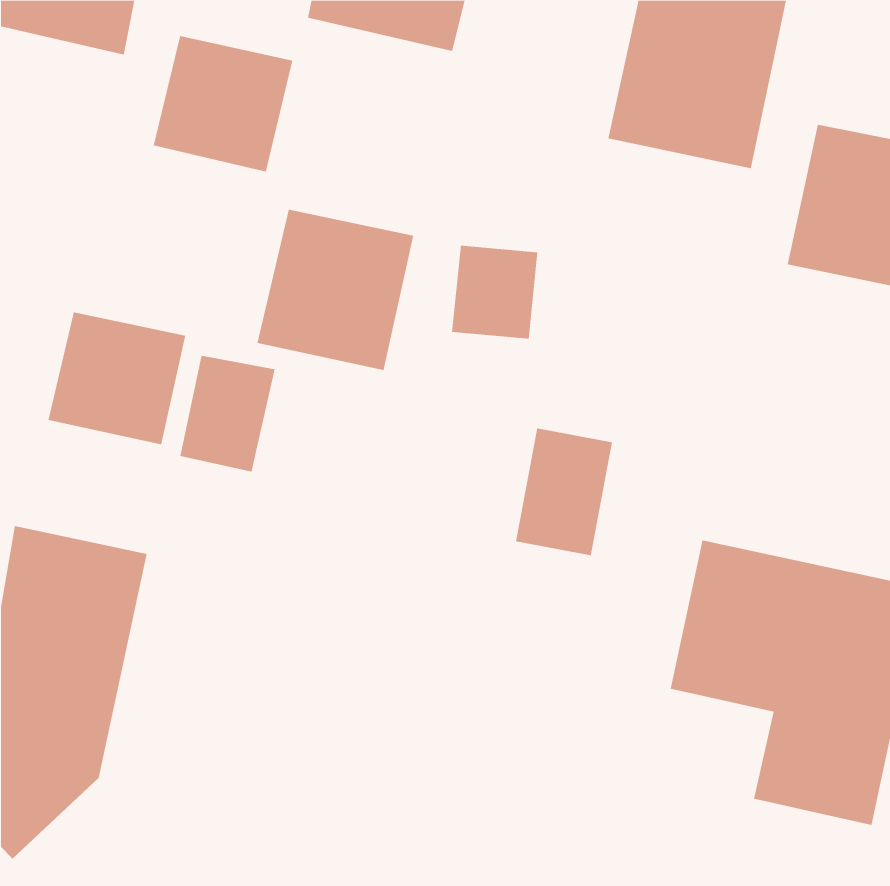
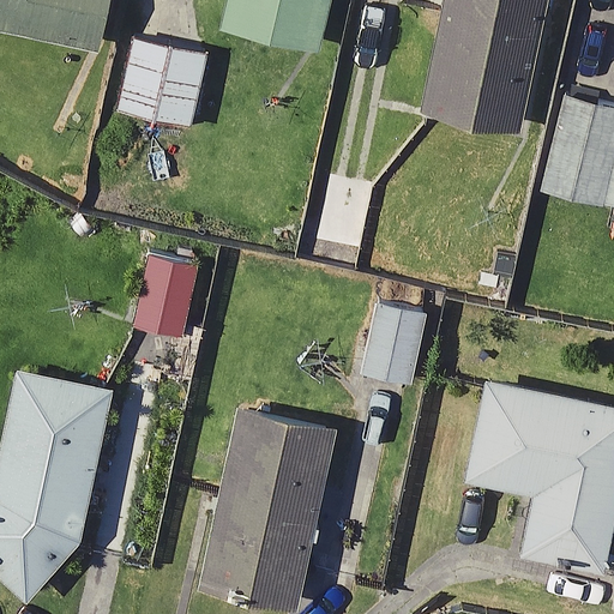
building: [257,209,414,371] -> none
building: [48,312,186,445] -> none
building: none -> [200,408,333,607]

